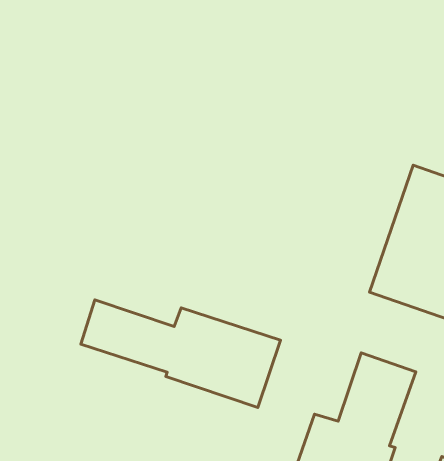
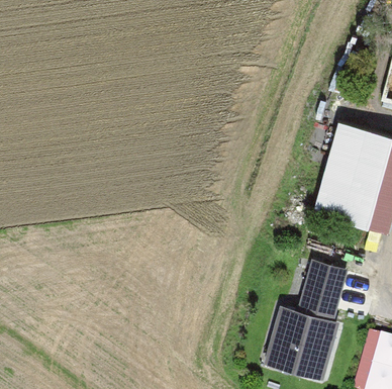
building: [81,300,280,408] -> none

